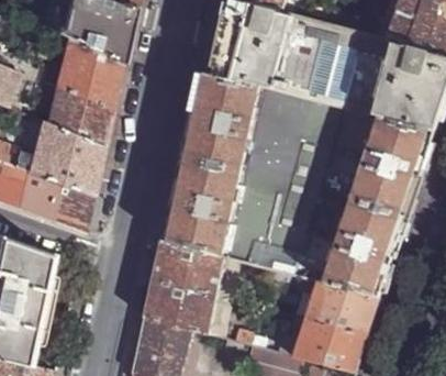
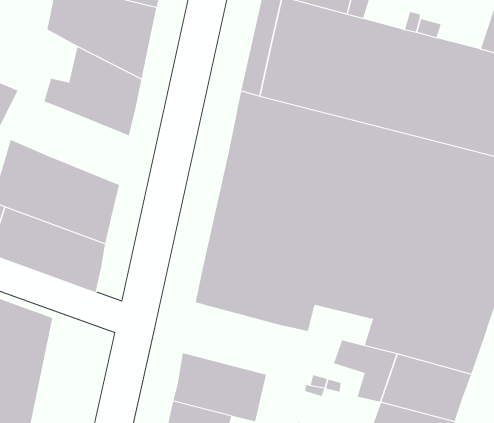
building: [47,88,112,148] -> none
building: [154,242,230,299] -> none

